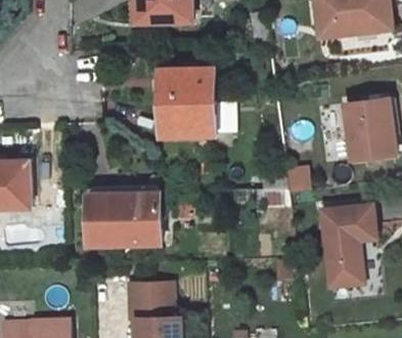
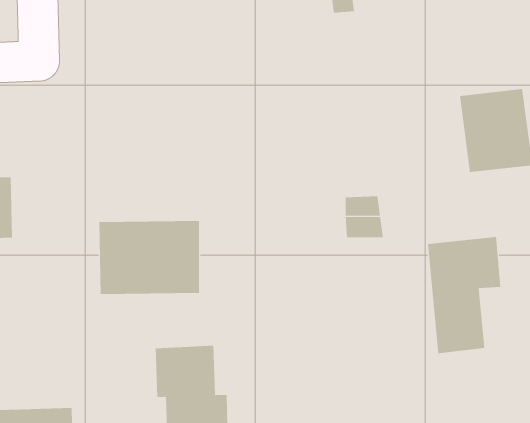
building: [162,66,216,133] -> none

